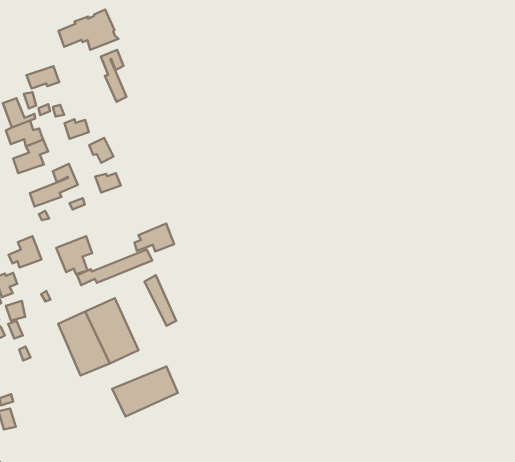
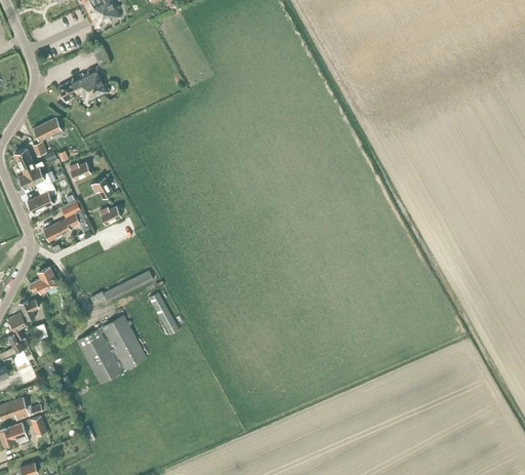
building: [101,50,127,102] -> none
building: [135,223,174,251] -> none
building: [56,236,92,274] -> none
building: [112,366,178,417] -> none

